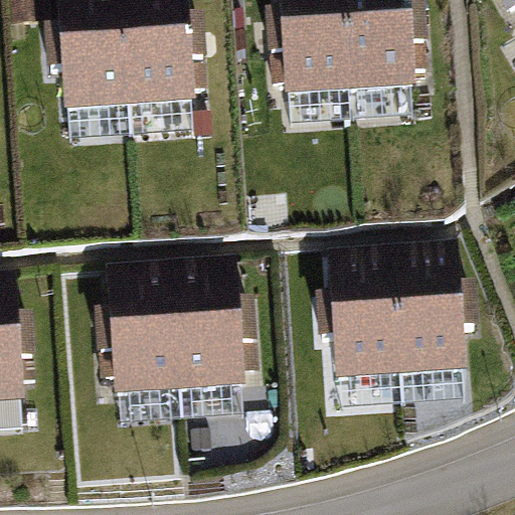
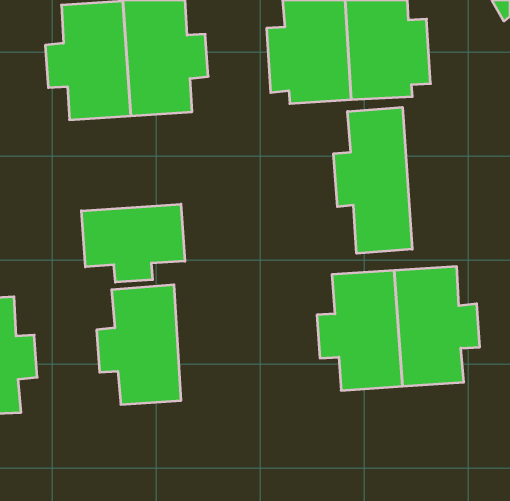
building: none -> [334,107,412,253]
building: none -> [81,204,185,282]
building: [174,294,260,413] -> none

